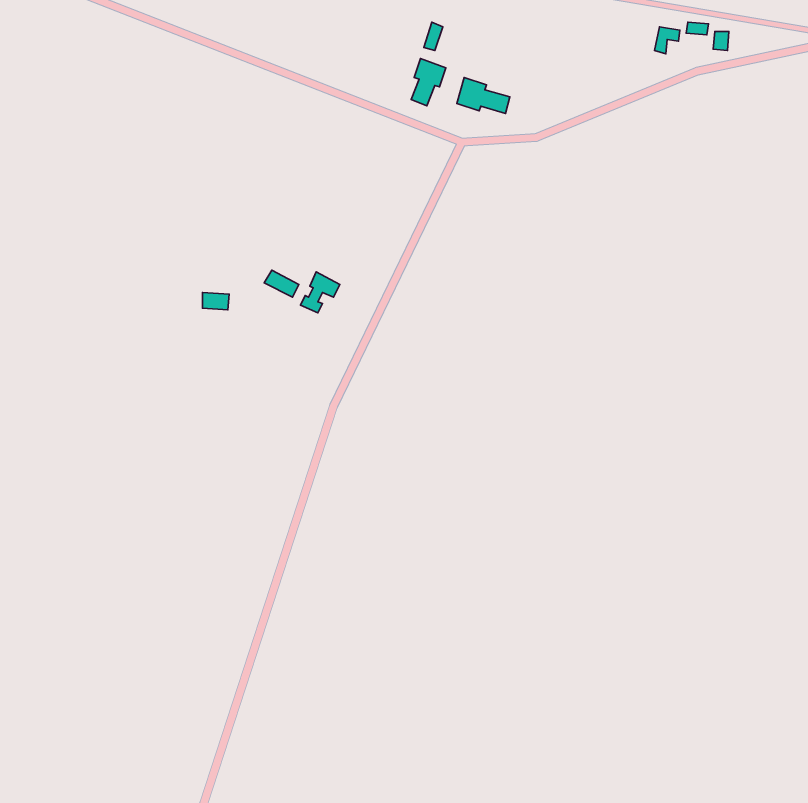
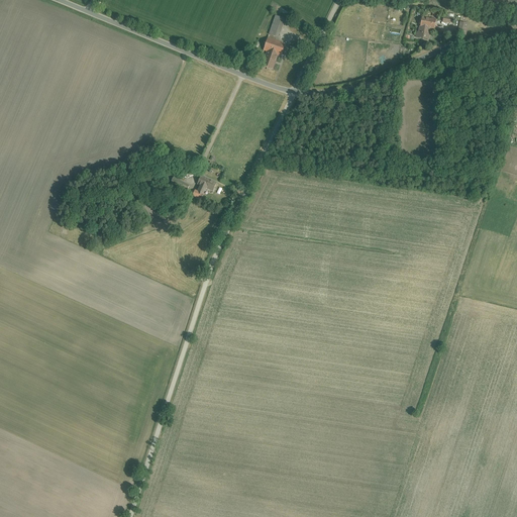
building: [457,77,510,113] -> none

